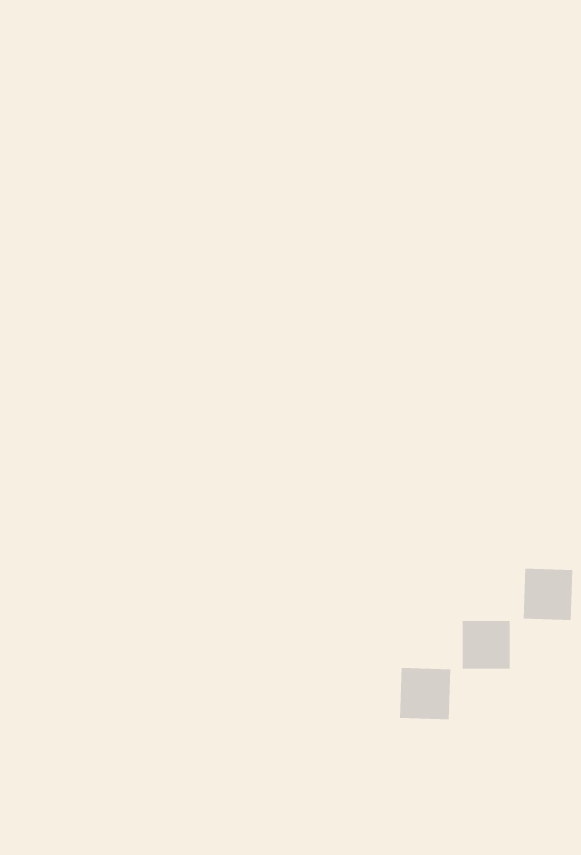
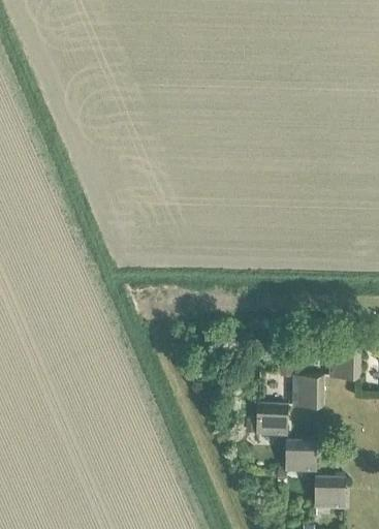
building: none -> [286,442,317,472]
building: none -> [316,479,345,509]

